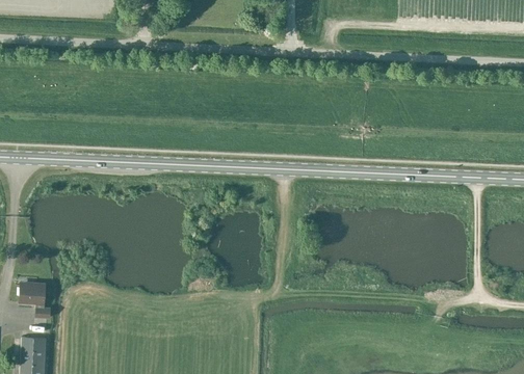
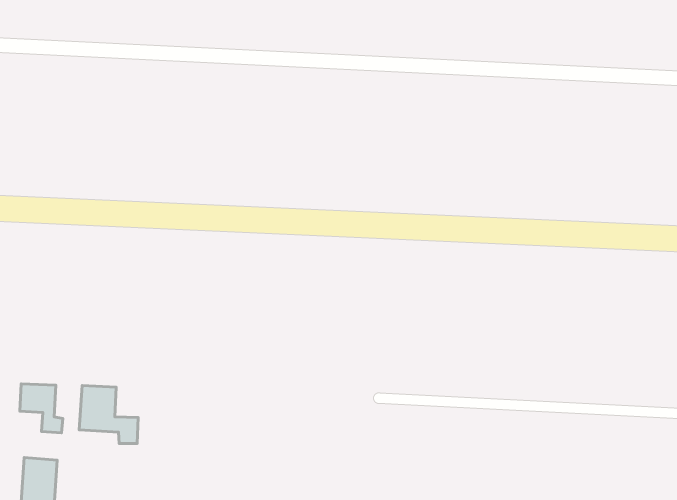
building: none -> [79,385,138,444]

